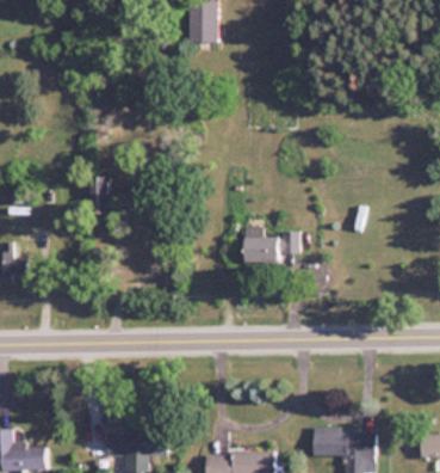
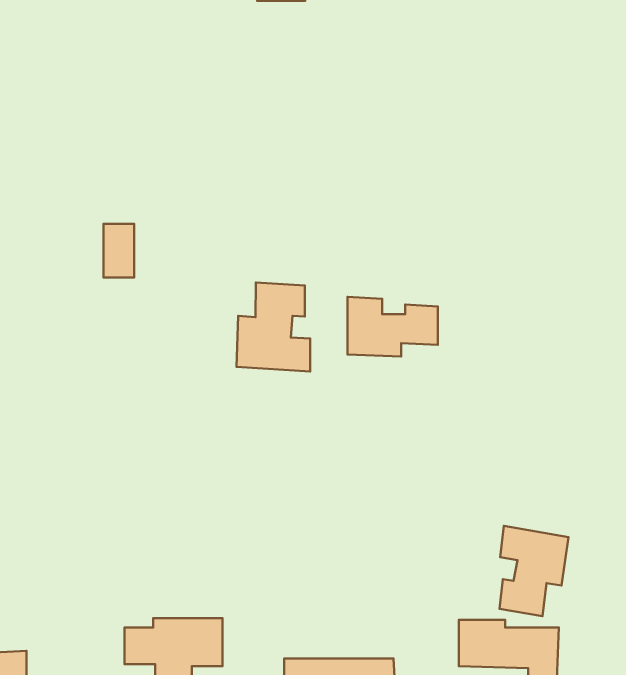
building: none -> [237,283,310,371]
building: none -> [499,526,569,616]

